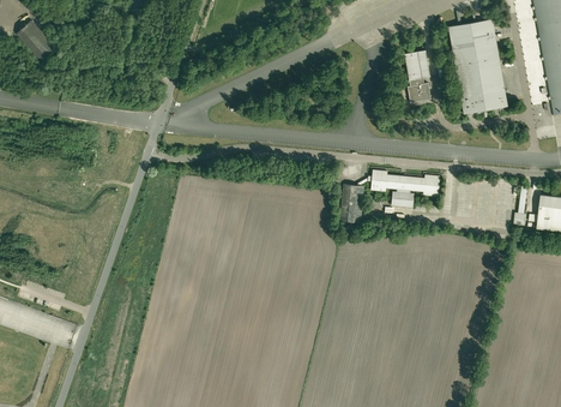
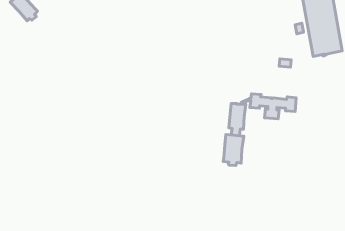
building: [404,50,430,103] -> none
building: none -> [223,134,244,166]

